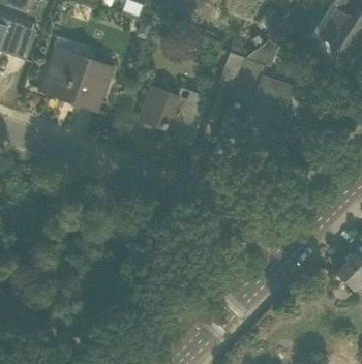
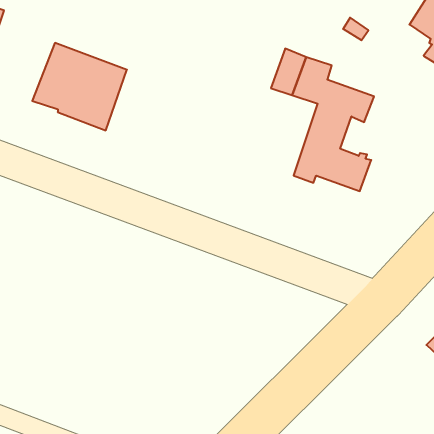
building: [139,86,208,145] -> none

